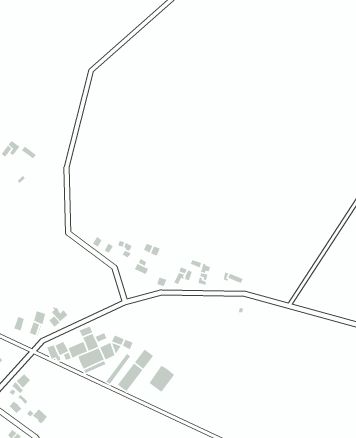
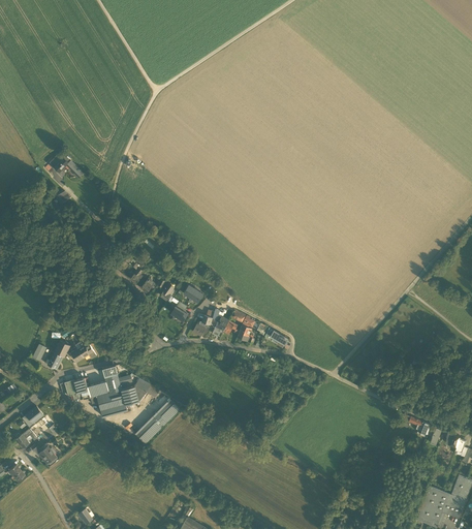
building: [149,365,175,393] -> none

